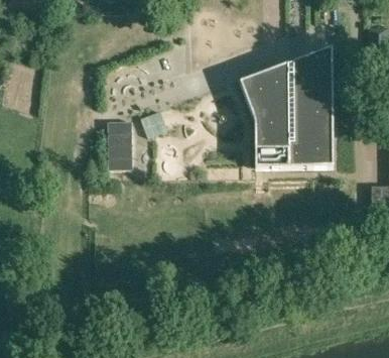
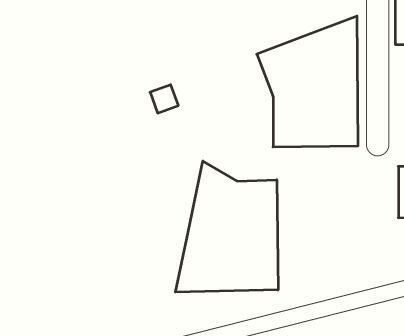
building: [107,120,132,168] -> none
building: none -> [175,161,278,292]

